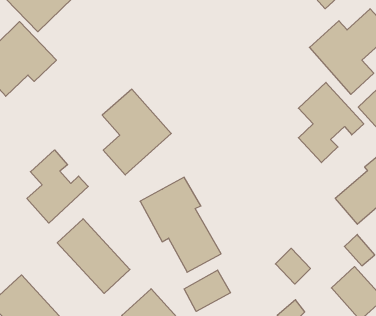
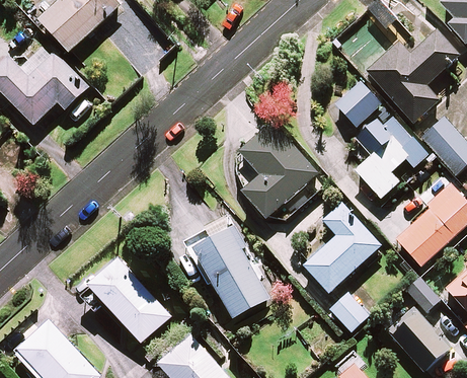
building: none -> [335,81,381,127]
building: [102,89,171,175] -> [241,124,317,218]
building: [27,150,88,223] -> none
building: none -> [304,203,381,293]
building: [184,270,230,311] -> none

